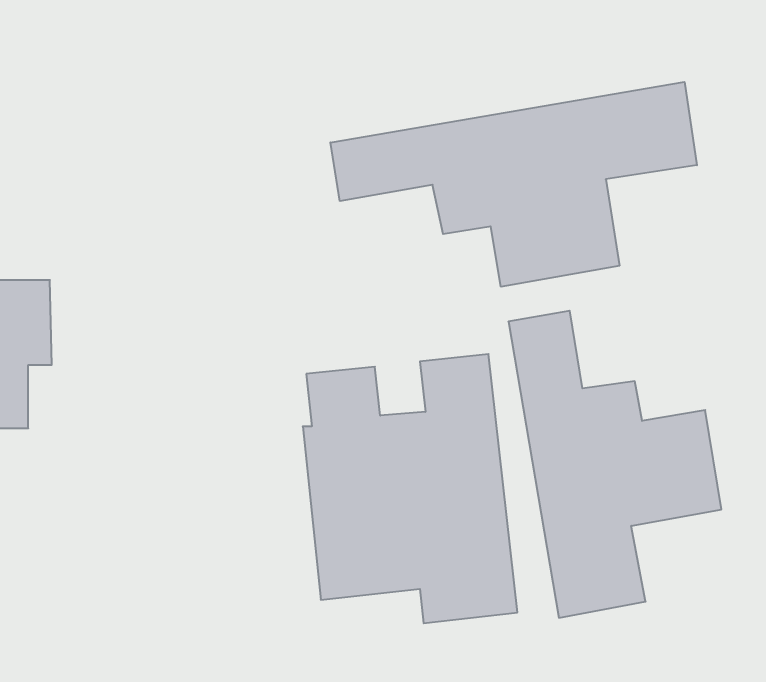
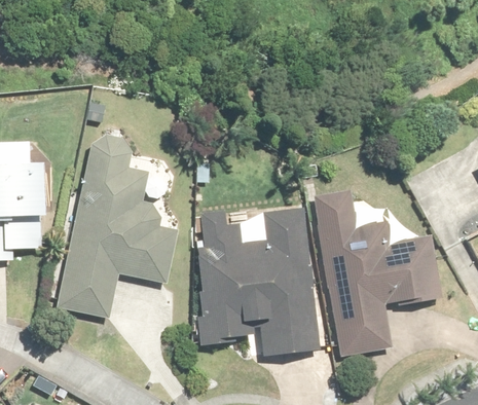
building: [330,82,697,287] -> none
building: none -> [58,133,177,317]

